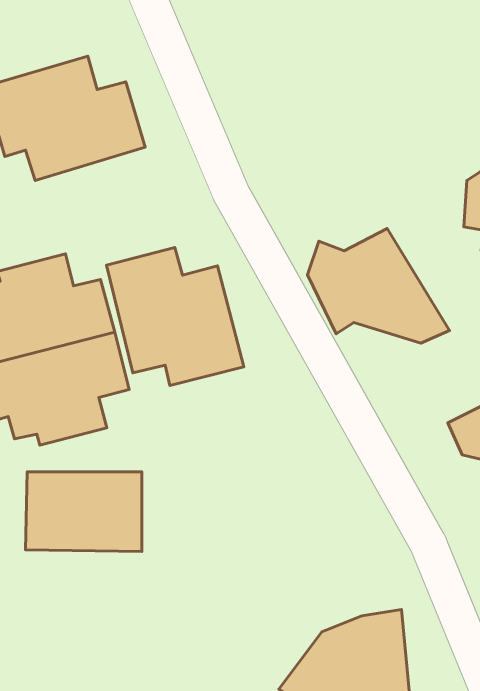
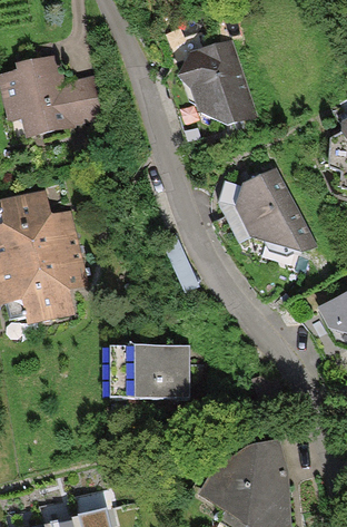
building: none -> [174,36,264,124]
building: [106,248,244,386] -> none
building: [26,472,142,552] -> [108,348,189,403]

